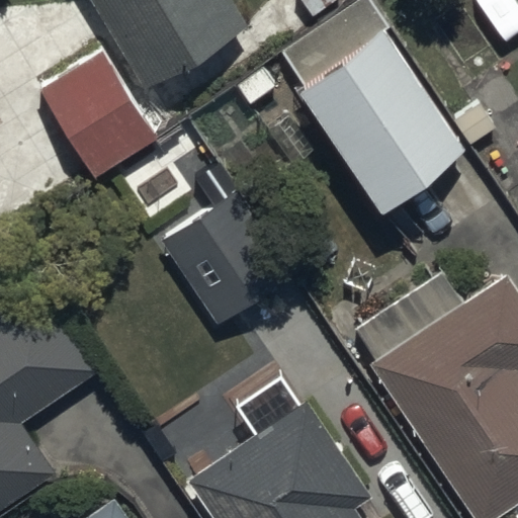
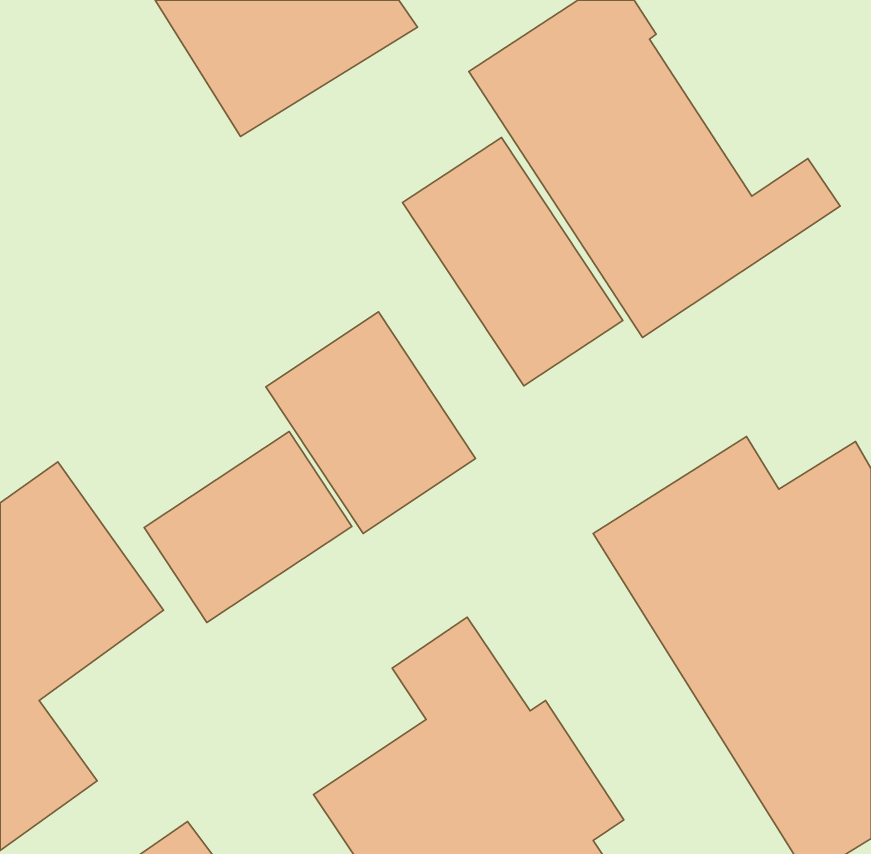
building: [38,52,157,180] -> none
building: none -> [402,137,623,386]
building: none -> [144,431,352,622]

